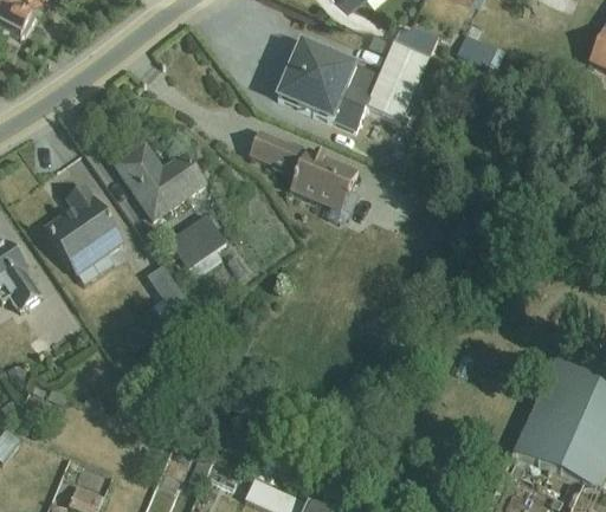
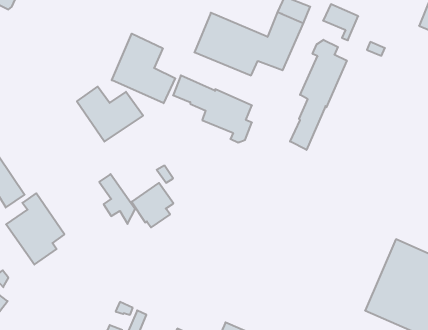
building: none -> [112,34,175,103]
building: none -> [290,40,347,150]
building: [43,184,123,283] -> [6,193,64,265]
building: [167,213,225,274] -> [131,183,173,227]

